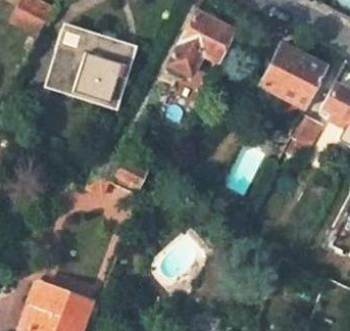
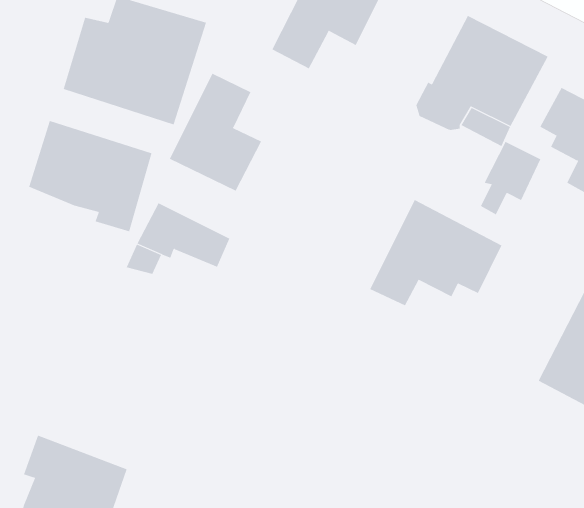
building: none -> [169,73,262,192]
building: none -> [28,120,152,232]
building: none -> [370,199,502,306]

